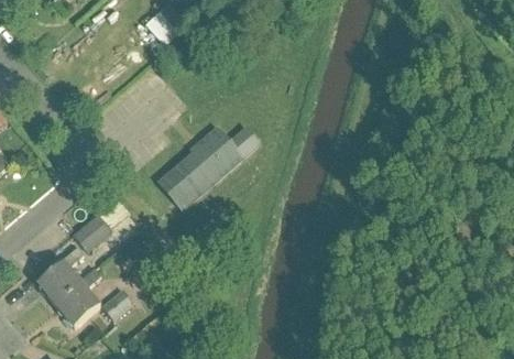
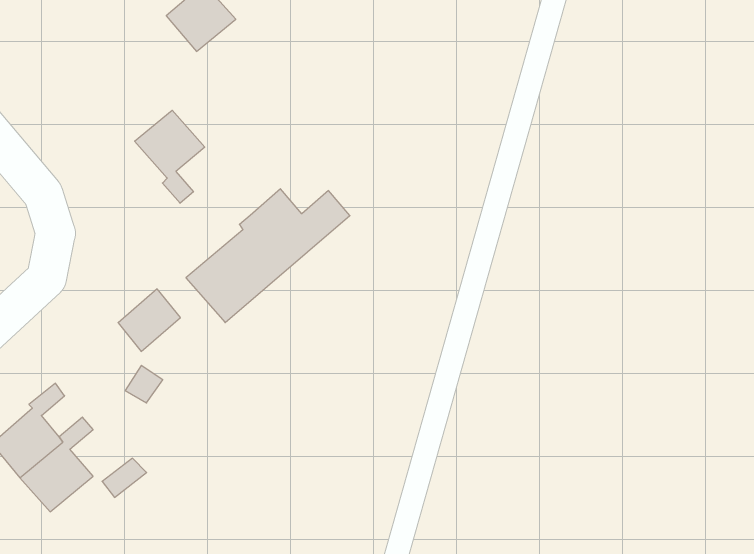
building: none -> [135,110,205,203]
building: [73,213,111,251] -> [118,289,180,351]

